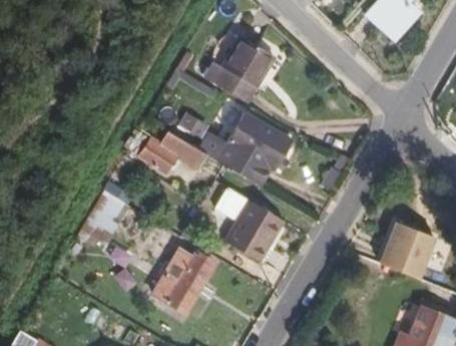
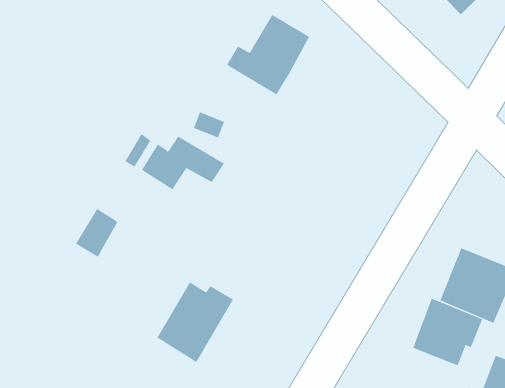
building: [199,113,293,187] -> none
building: [223,199,282,260] -> none
building: none -> [412,298,483,366]

